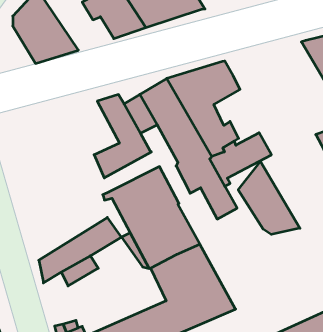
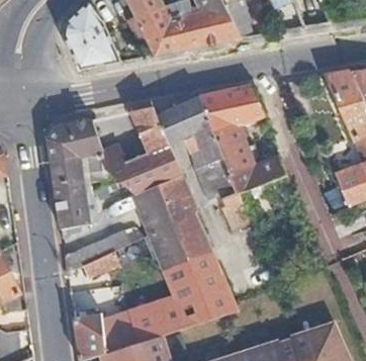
building: none -> [111,109,149,158]
building: none -> [48,118,104,228]
building: [238,161,300,234] -> none

